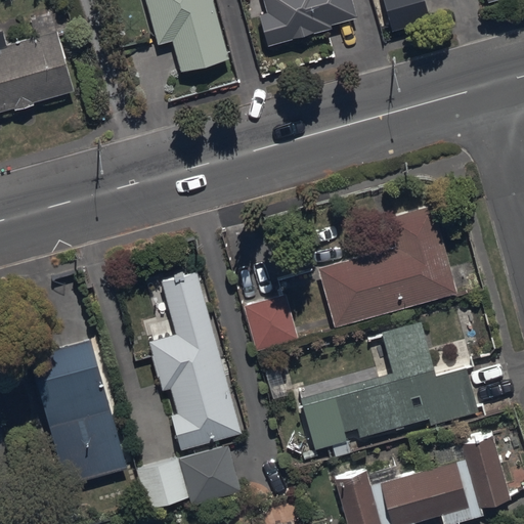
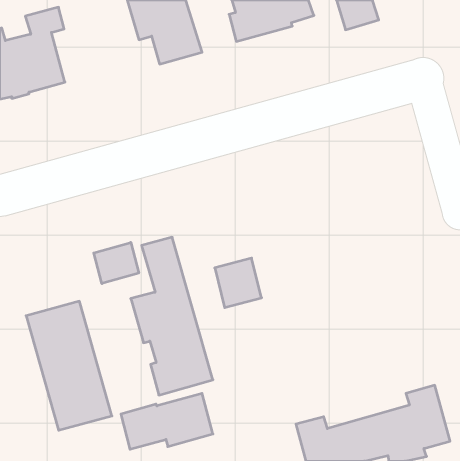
building: [317,203,456,325] -> none
building: none -> [94,242,139,284]
building: [301,319,478,458] -> none

